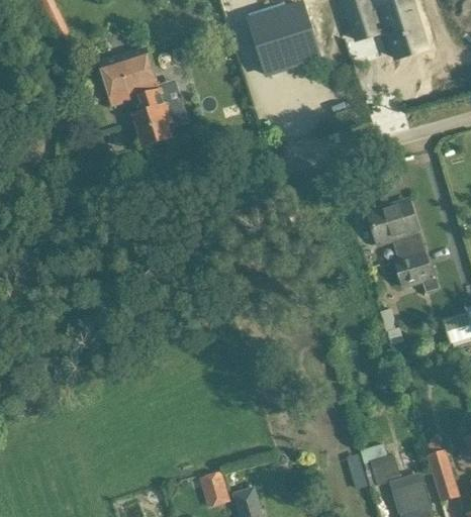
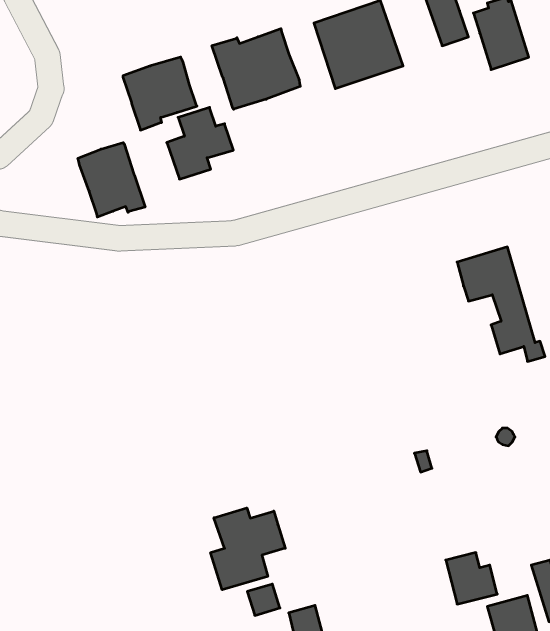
building: none -> [212,29,300,109]
building: none -> [78,143,145,217]
building: none -> [211,508,285,590]

